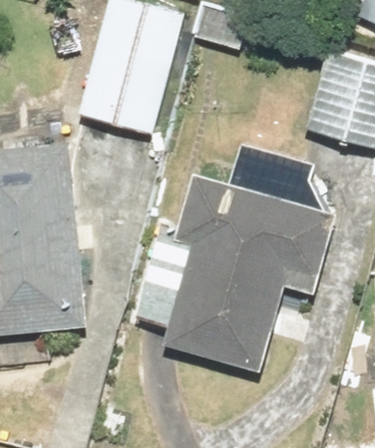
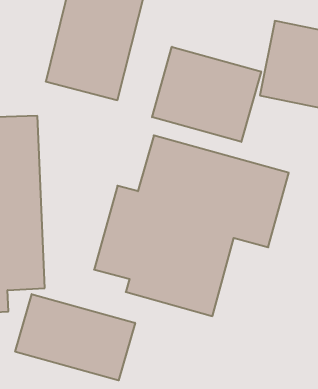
building: none -> [152,47,261,142]
building: none -> [15,294,135,380]

